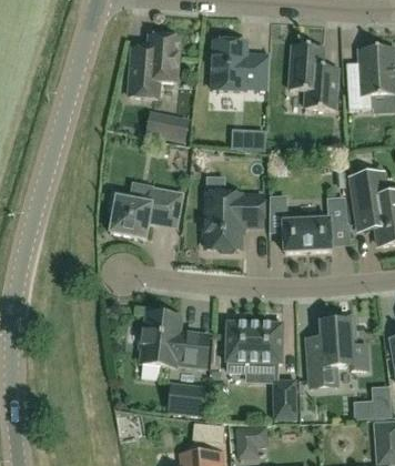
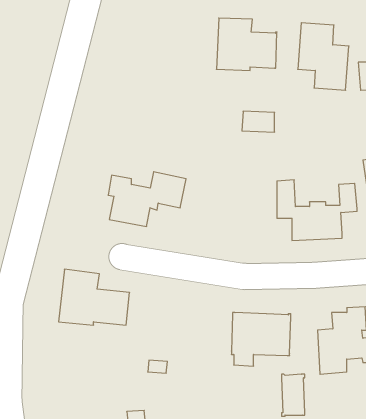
building: [129,31,179,98] -> none
building: [145,111,189,141] -> none
building: [202,193,262,252] -> none
building: [141,312,209,365] -> [59,269,130,325]
building: [168,383,207,417] -> none

